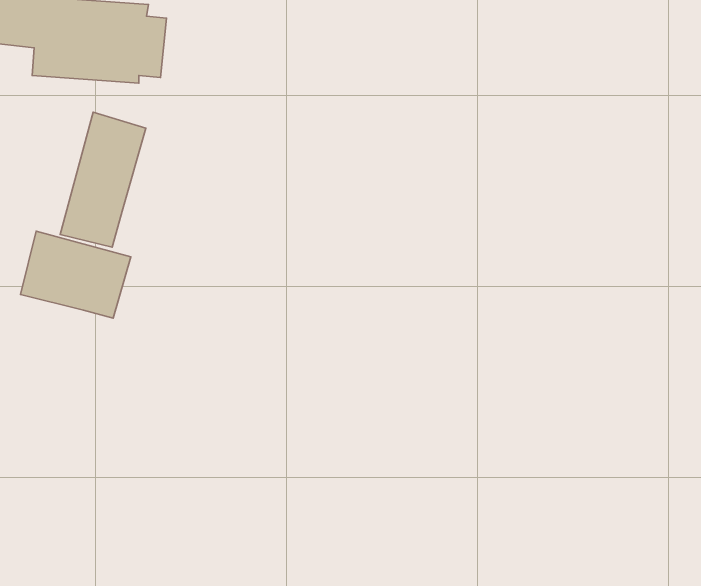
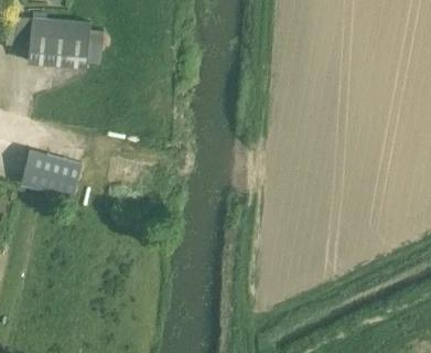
building: [60,112,146,247] -> none

